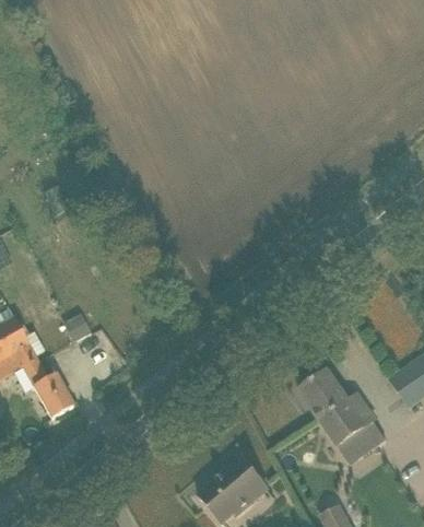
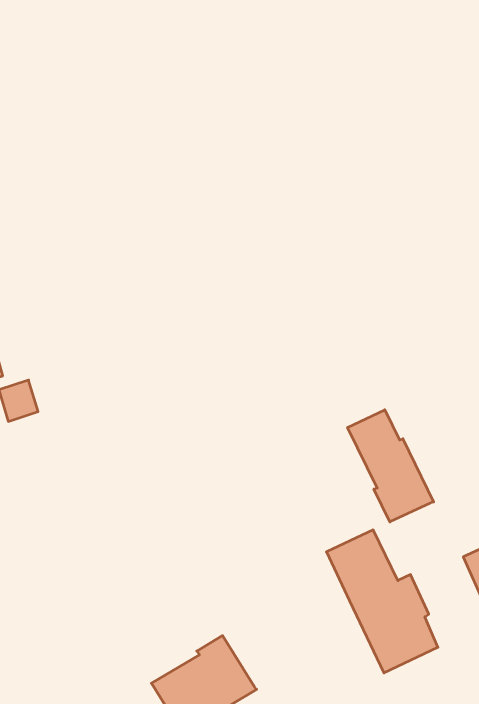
building: none -> [348,410,434,522]

